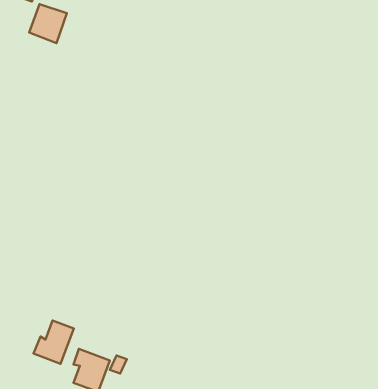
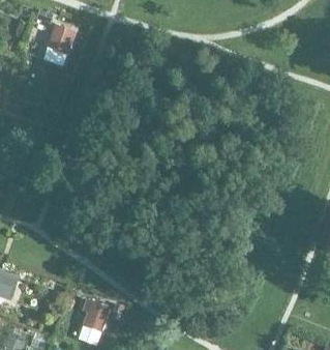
building: [33,320,74,364] -> none

